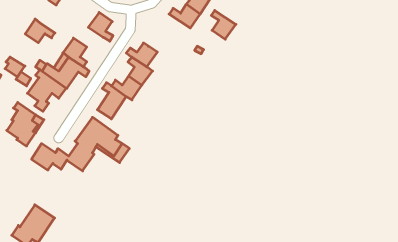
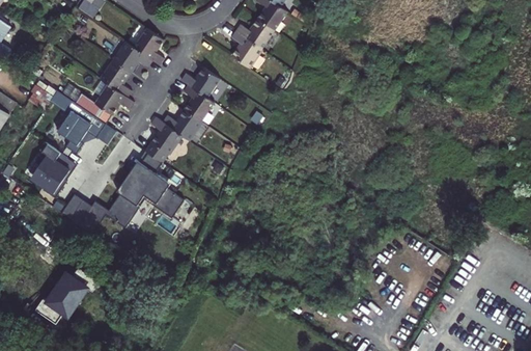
building: [211,10,236,39] -> [230,31,261,68]
building: [25,19,55,43] -> [114,43,151,73]

